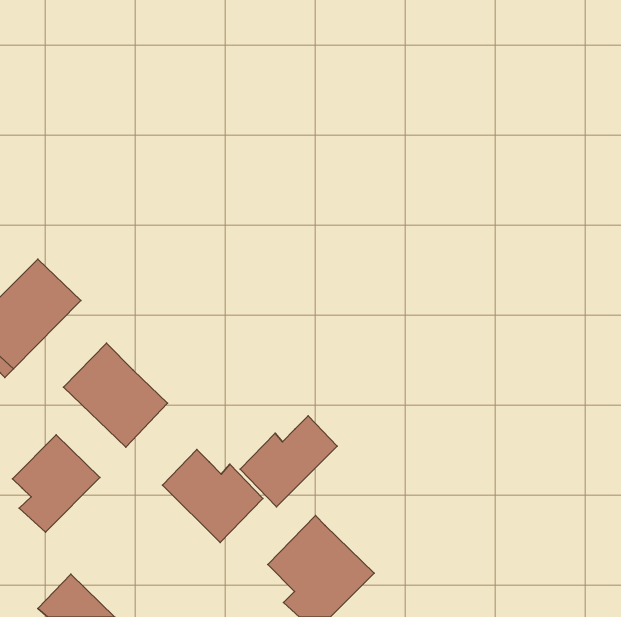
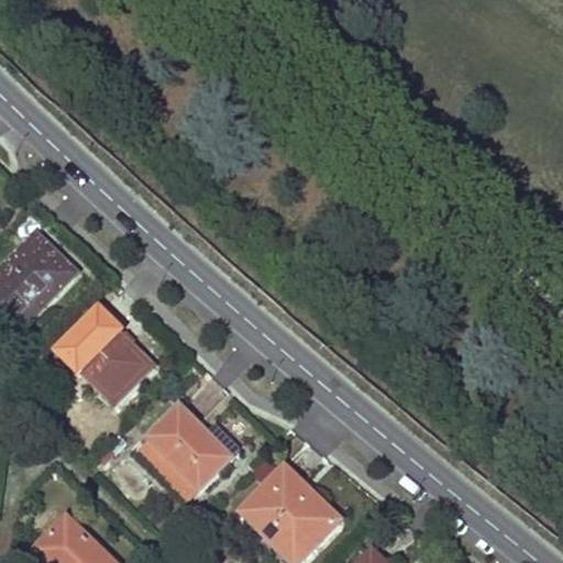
building: [240,416,337,507] -> none
building: [12,435,100,532] -> none

